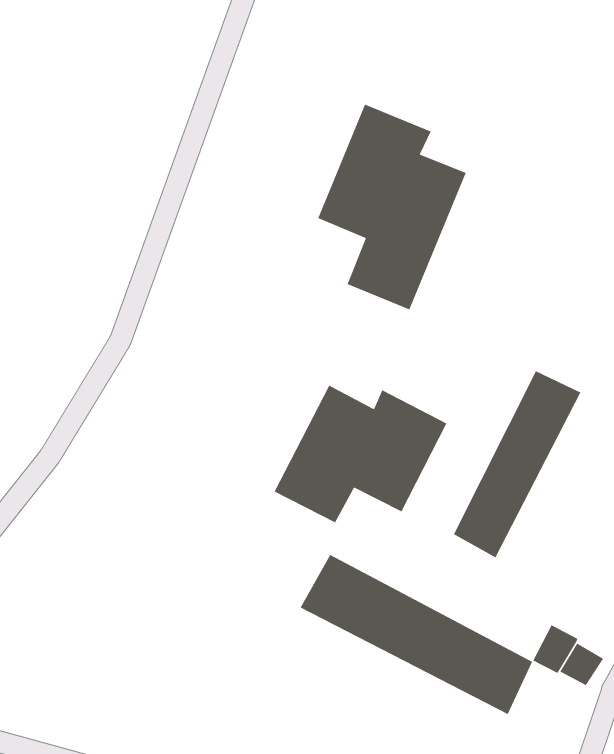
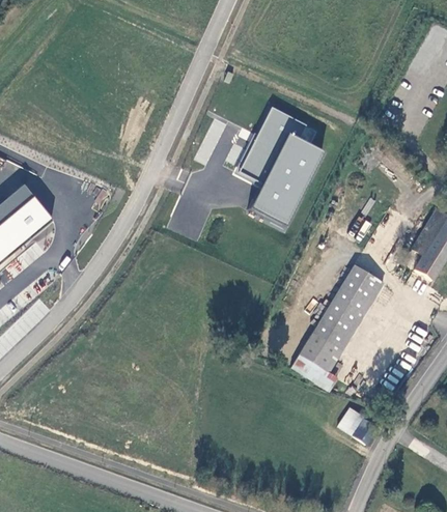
building: [274,385,448,524] -> none
building: [300,554,533,715] -> none

